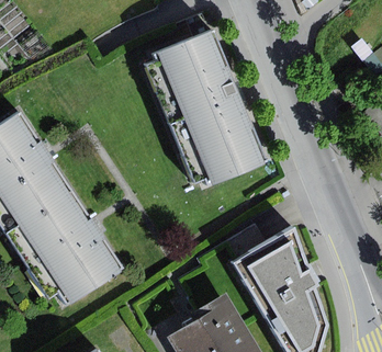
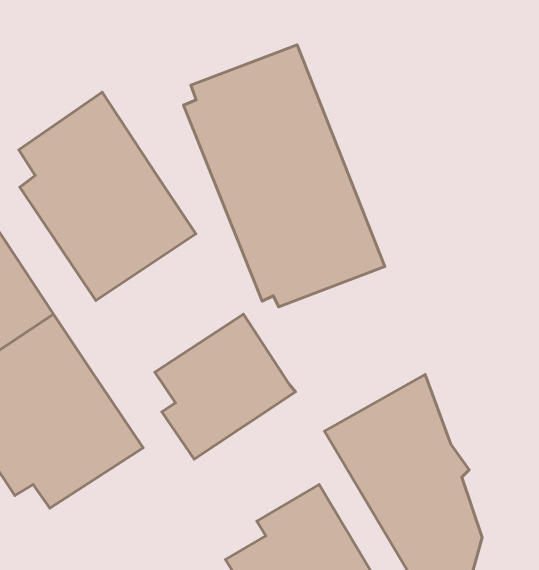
building: none -> [19,92,196,300]
building: none -> [155,314,295,459]

